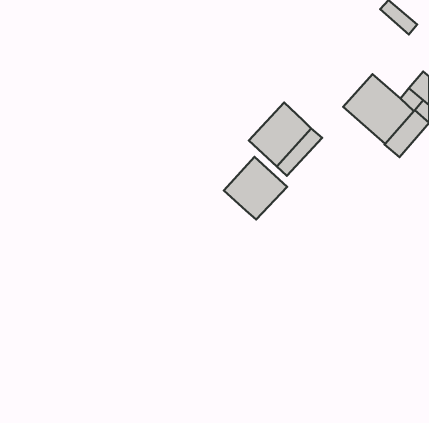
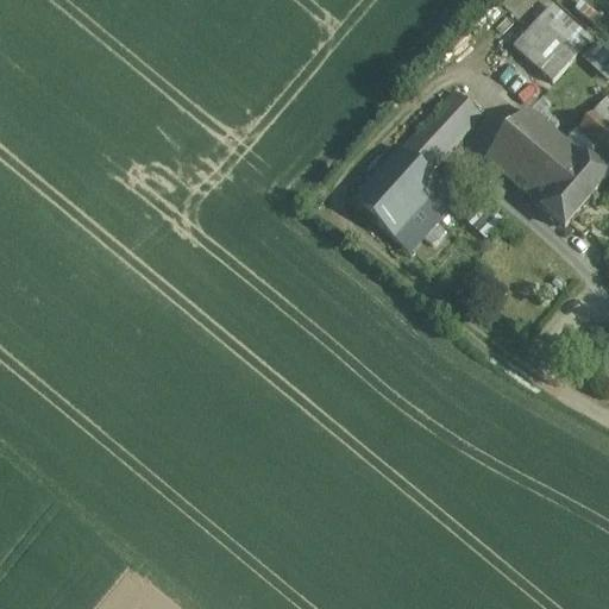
building: none -> [511,13,578,79]
building: none -> [402,89,481,170]
building: [224,157,287,220] -> none

